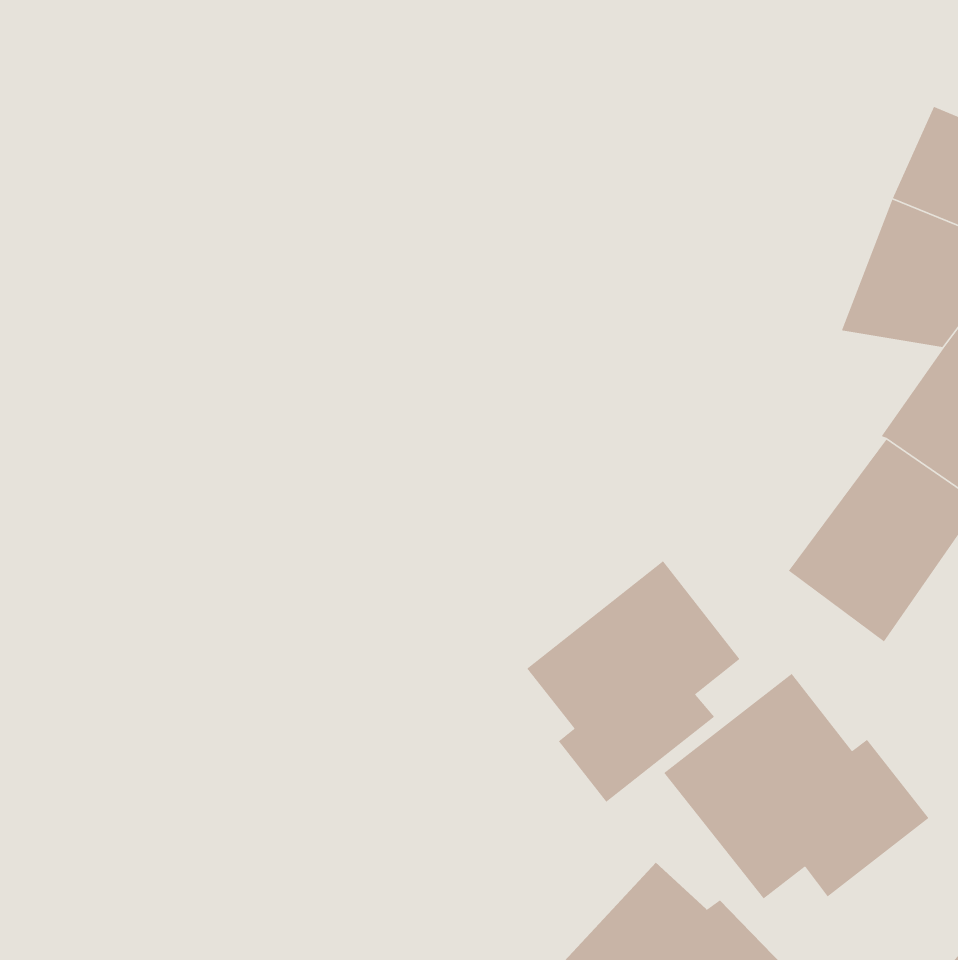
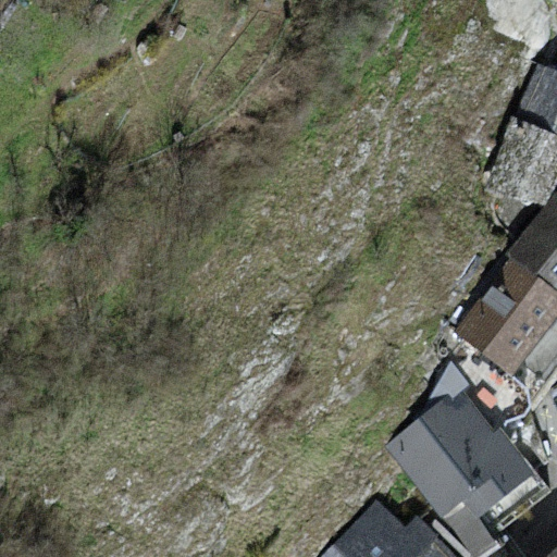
building: [526,560,740,803] -> none

